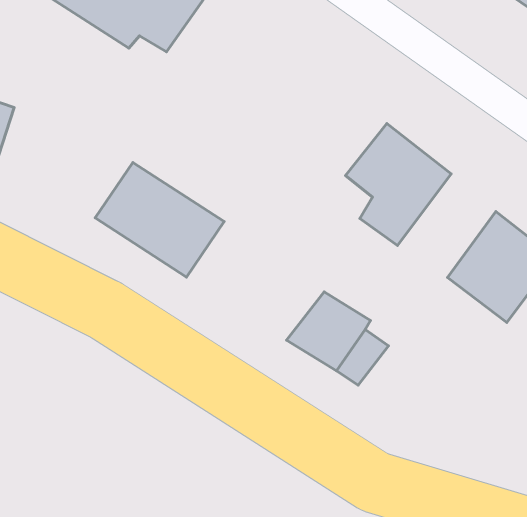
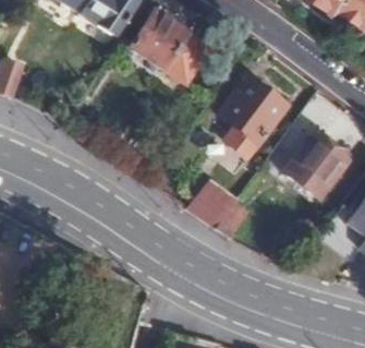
building: [95,162,224,277] -> [127,12,206,82]

